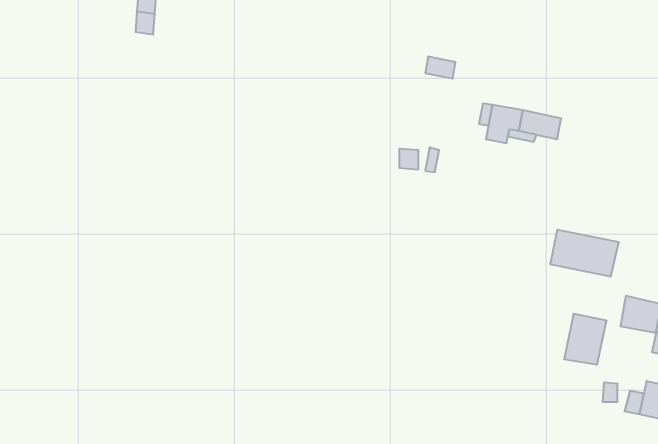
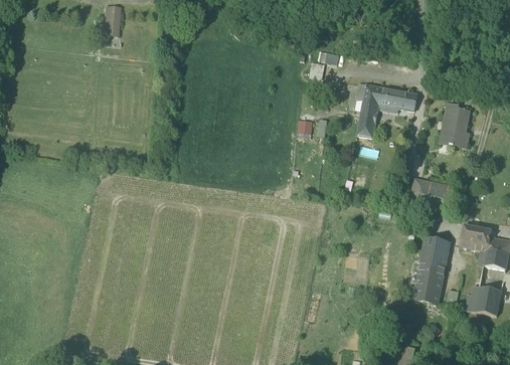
building: none -> [440,102,470,147]
building: none -> [356,110,376,137]
building: none -> [412,270,443,304]

